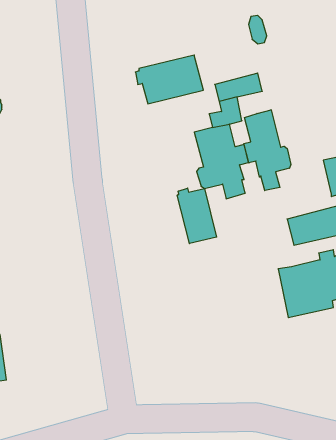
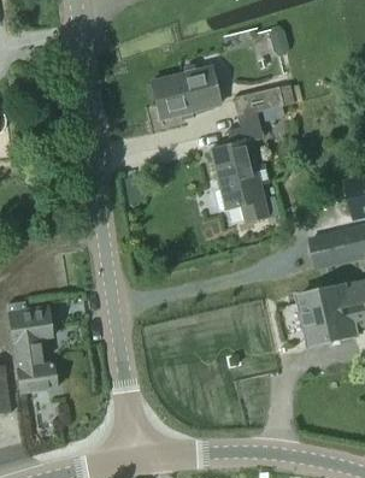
building: [244,110,291,191] -> none
building: [177,188,217,244] -> none
building: none -> [10,302,57,394]

